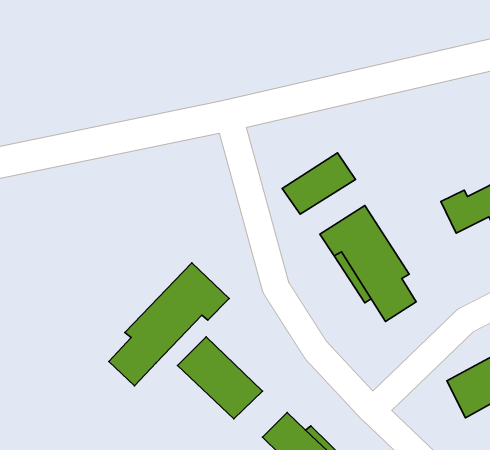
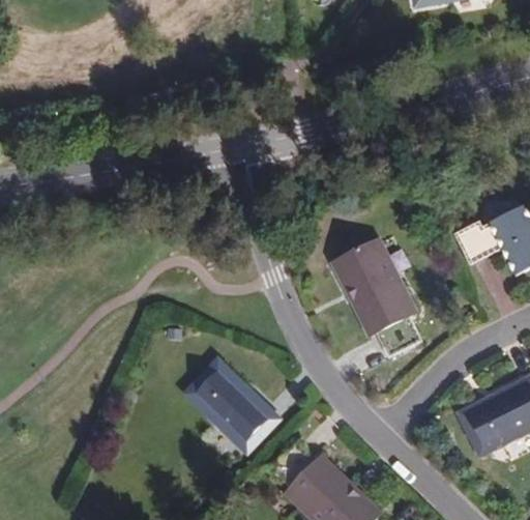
building: [282,153,355,214] -> none
building: [109,263,229,386] -> none

